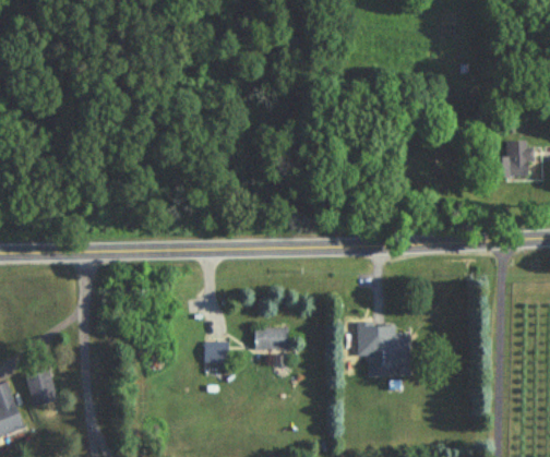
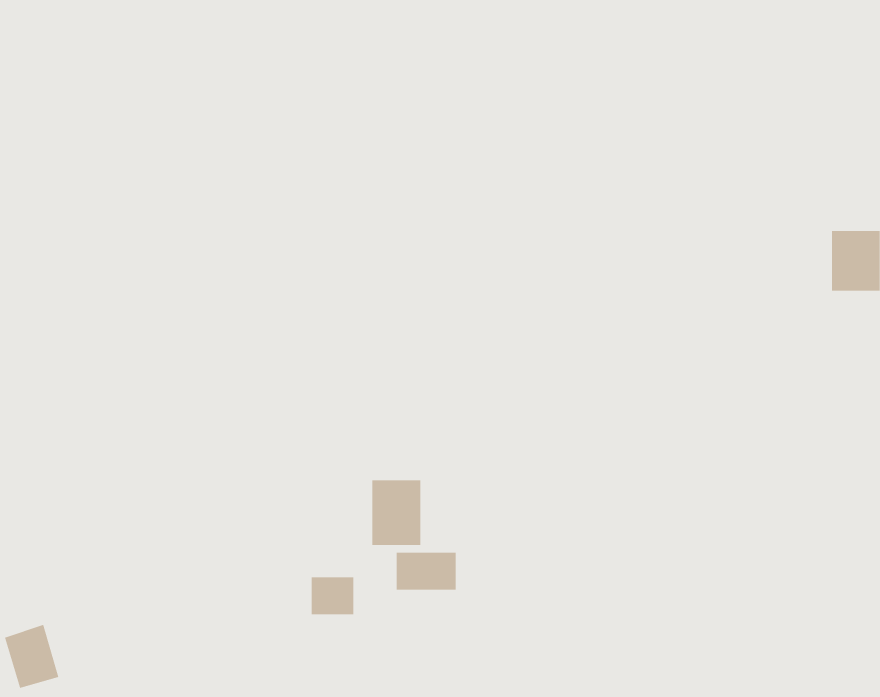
building: none -> [372,479,421,546]
building: [368,326,408,375] -> none

